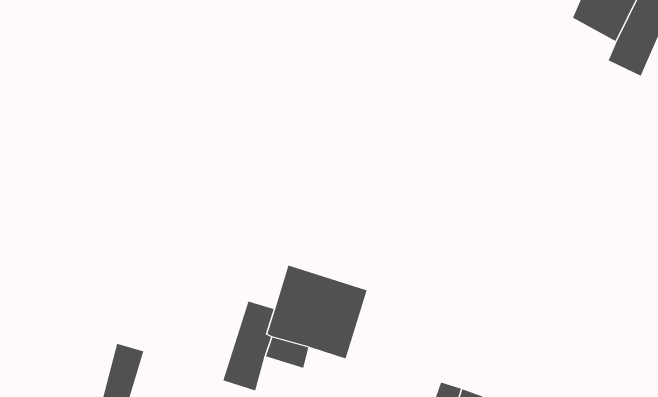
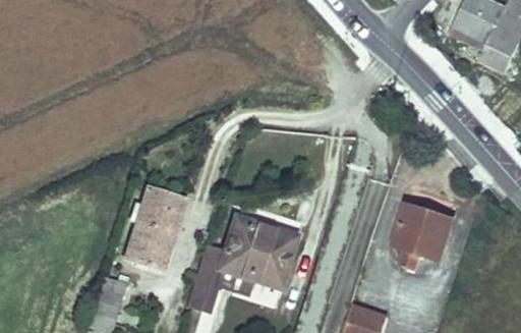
building: none -> [125,187,184,269]
building: none -> [393,204,453,267]

